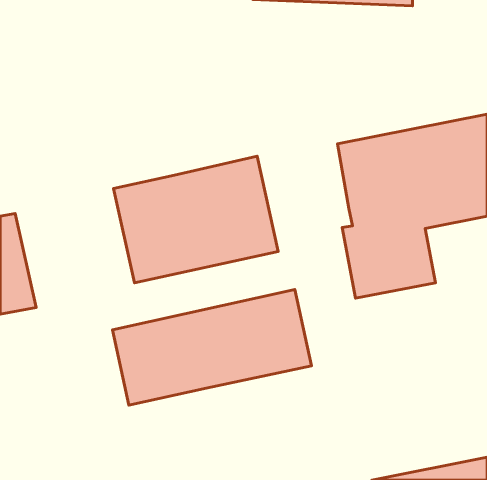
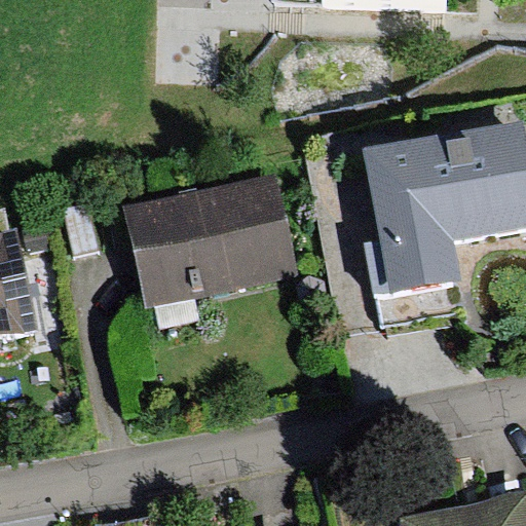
building: [113,290,312,405] -> none

